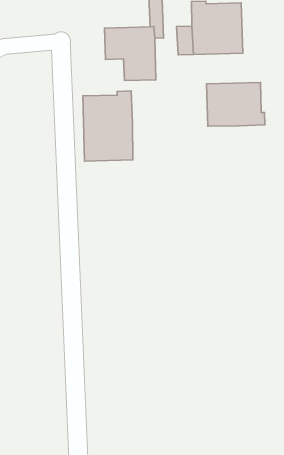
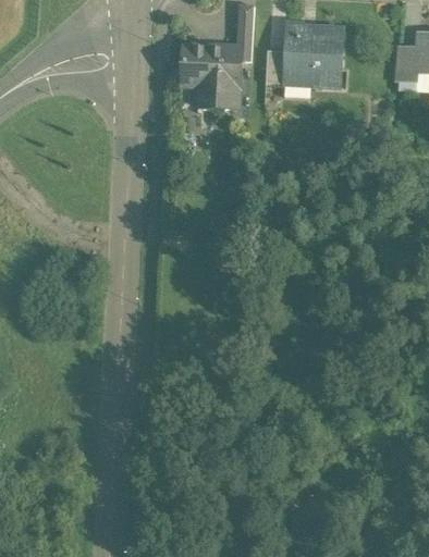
building: [207,82,265,126] -> none
building: [83,91,133,161] -> none

